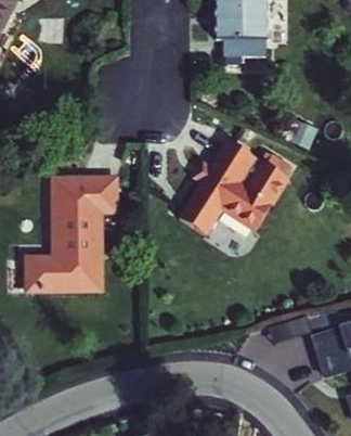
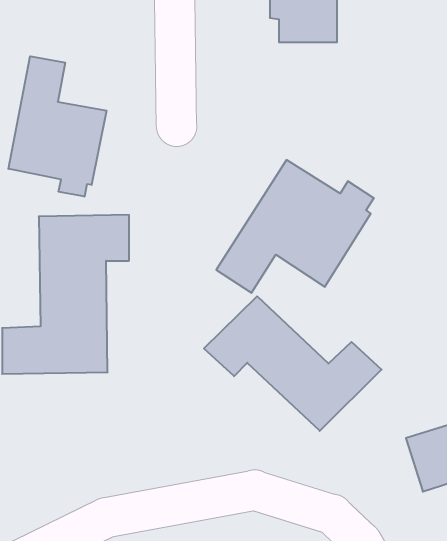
building: none -> [8,56,107,197]
building: none -> [204,296,382,431]

